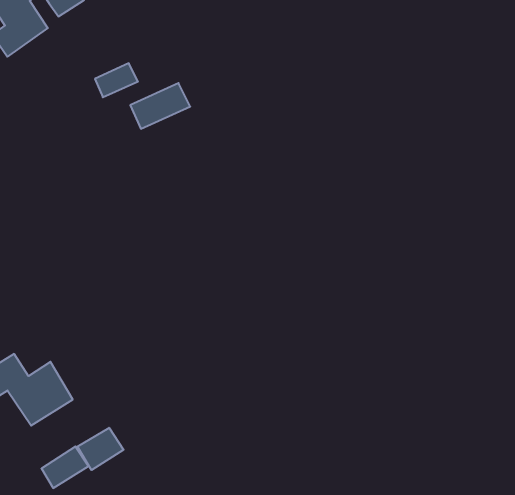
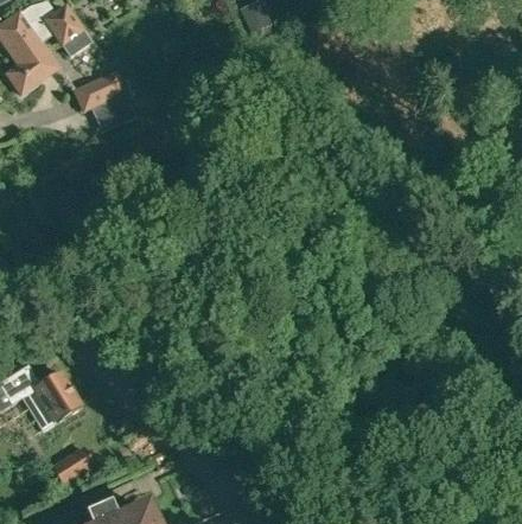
building: [130,83,190,129] -> [72,69,127,110]
building: [77,428,124,470] -> none

